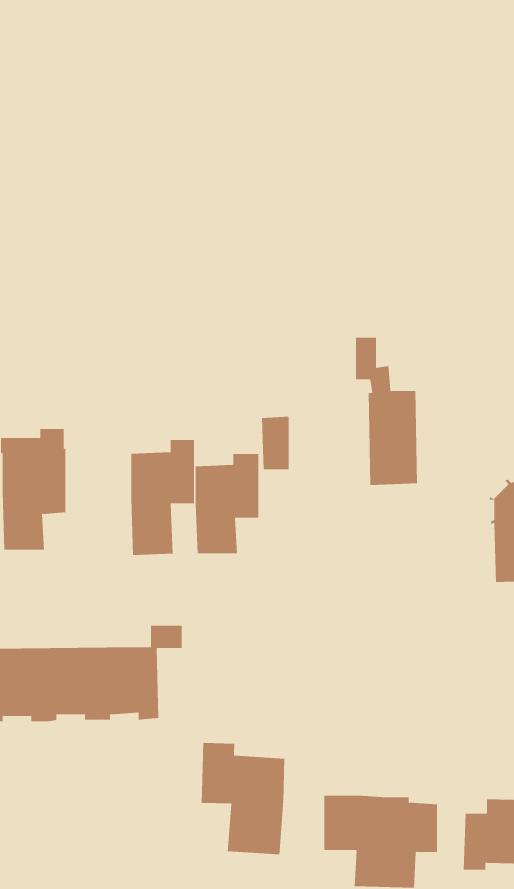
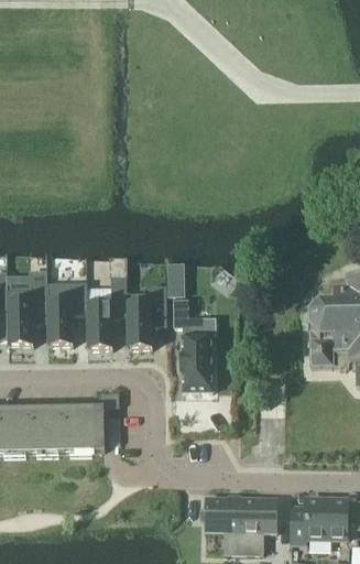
building: [355,337,418,485] -> [173,300,211,391]
building: none -> [46,282,86,344]
building: [201,742,285,855] -> none

